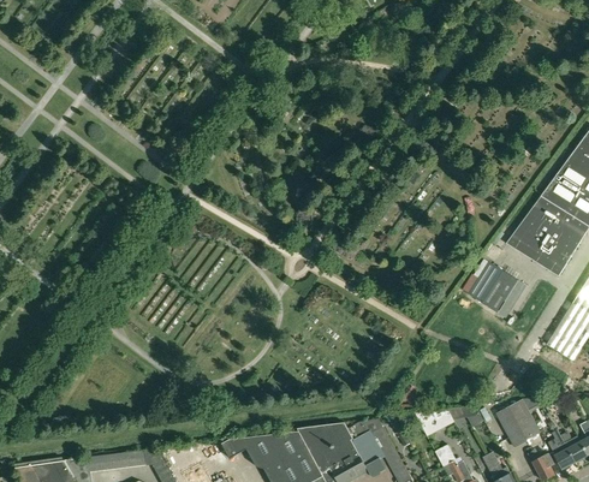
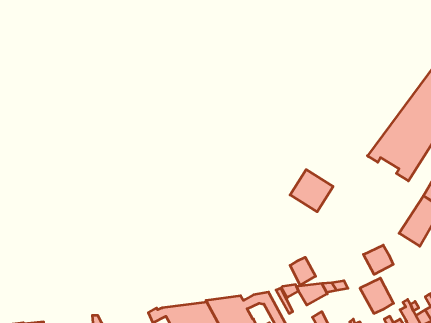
building: [469,262,524,316] -> [290,170,333,212]
building: none -> [363,245,393,274]
building: none -> [290,257,316,285]

